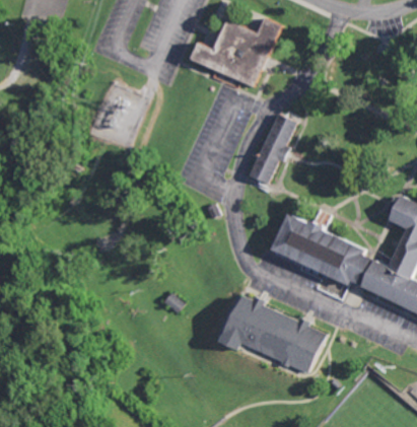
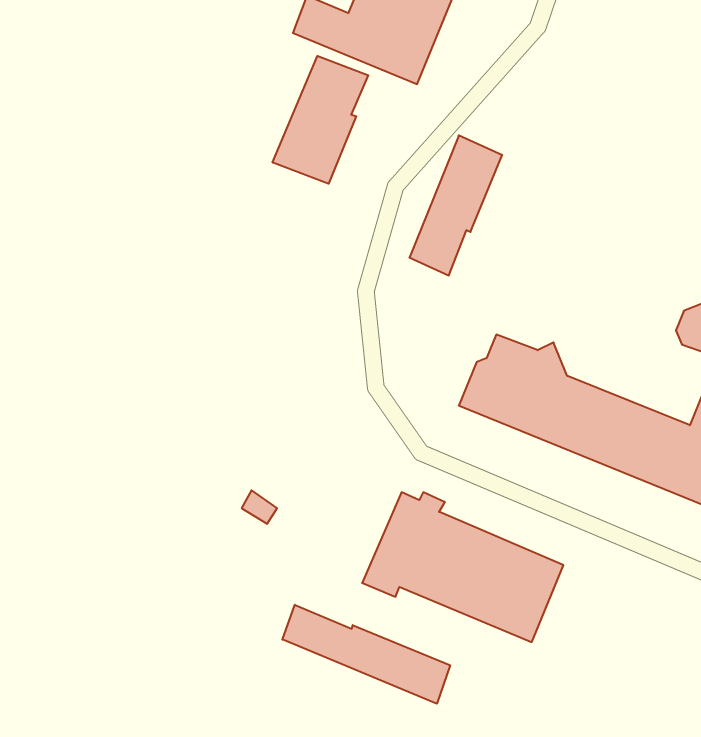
building: none -> [273,56,368,184]
building: none -> [282,605,450,704]

